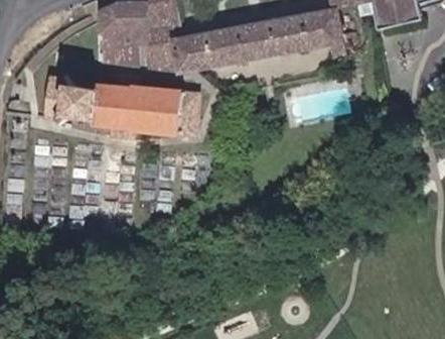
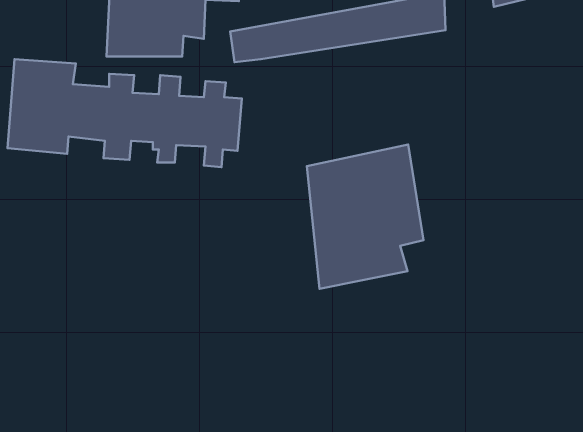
building: none -> [307,145,423,289]

